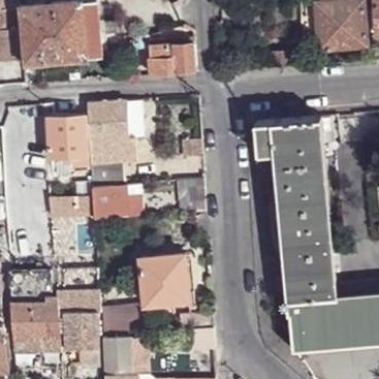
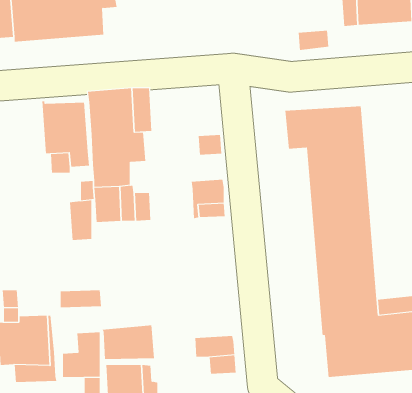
building: [148,42,195,74] -> none
building: [139,254,187,305] -> none
building: [55,296,99,329] -> none

